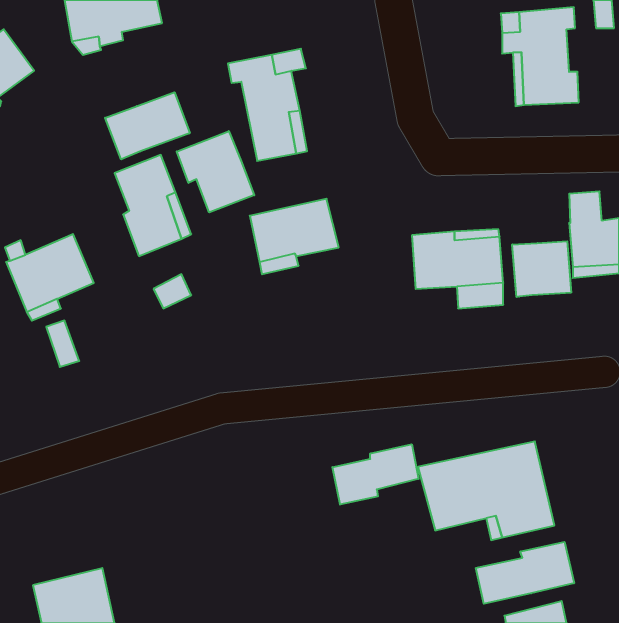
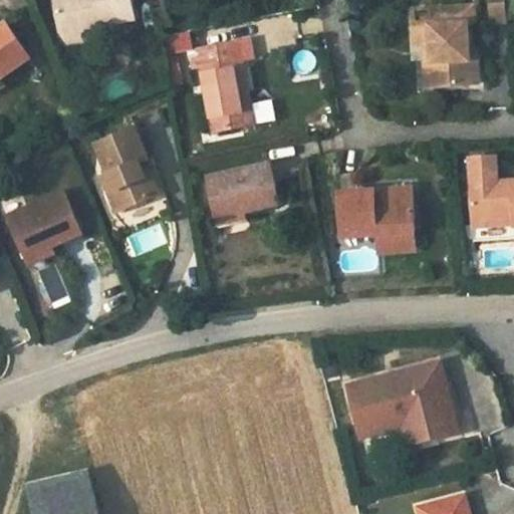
building: [105,92,190,159] -> none
building: [177,131,254,212] -> none
building: [512,241,571,297] -> none
building: [332,444,419,505] -> none
building: [476,542,574,604] -> none

